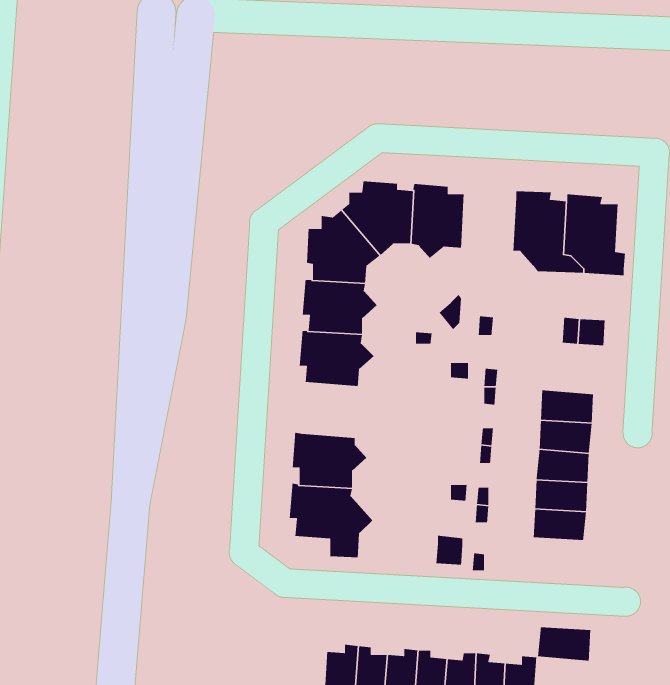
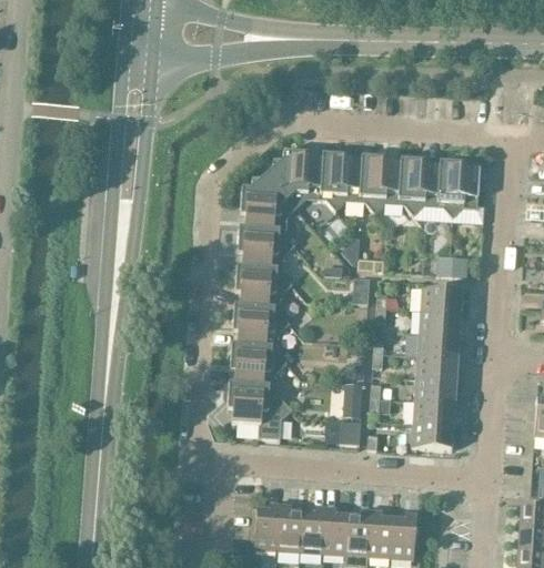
building: none -> [359,155,400,212]
building: none -> [420,286,462,313]
building: none -> [232,303,289,346]
building: [537,626,591,661] -> [411,423,452,449]

